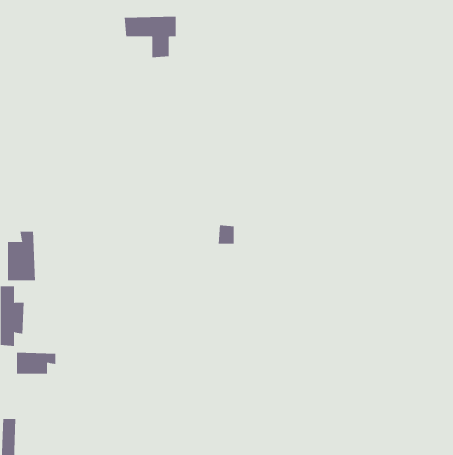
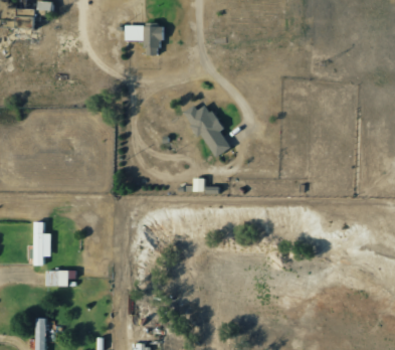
building: none -> [184,104,231,158]
building: [8,231,35,281] -> none

